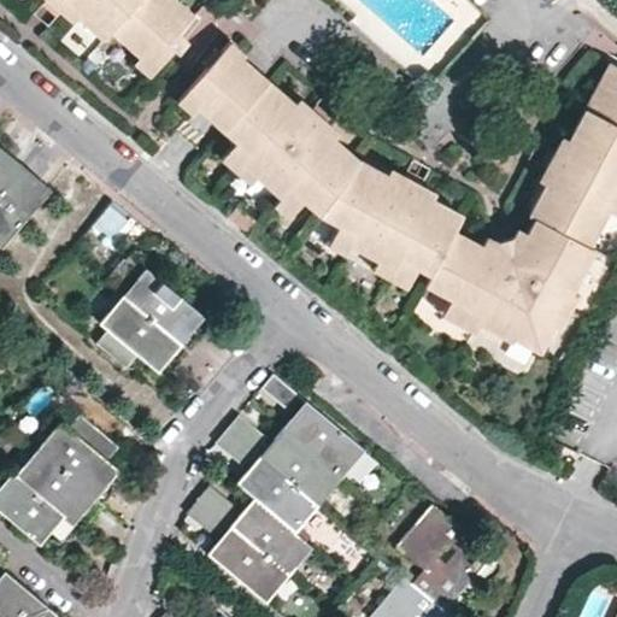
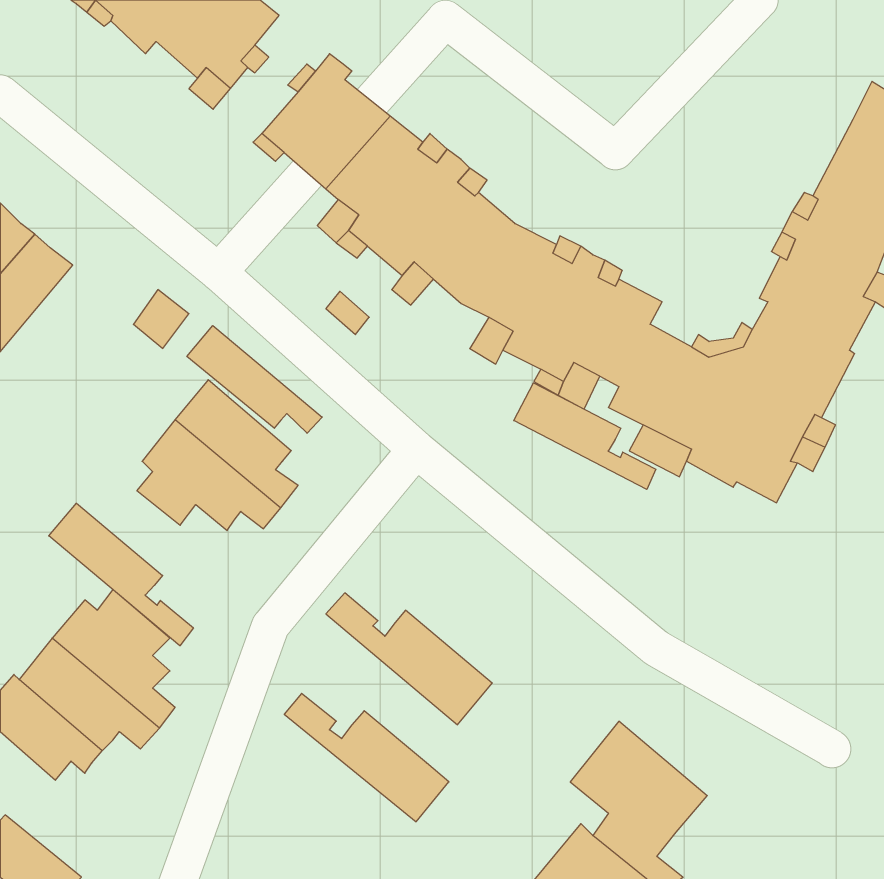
building: none -> [187,326,322,433]
building: none -> [514,383,656,489]
building: none -> [49,503,193,646]
building: [262,376,365,480] -> none
building: [217,431,319,535] -> none
building: [188,501,290,605] -> none

